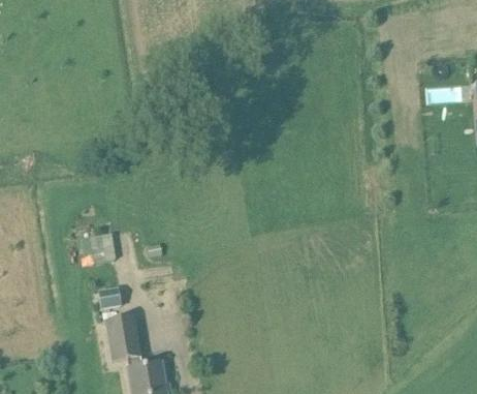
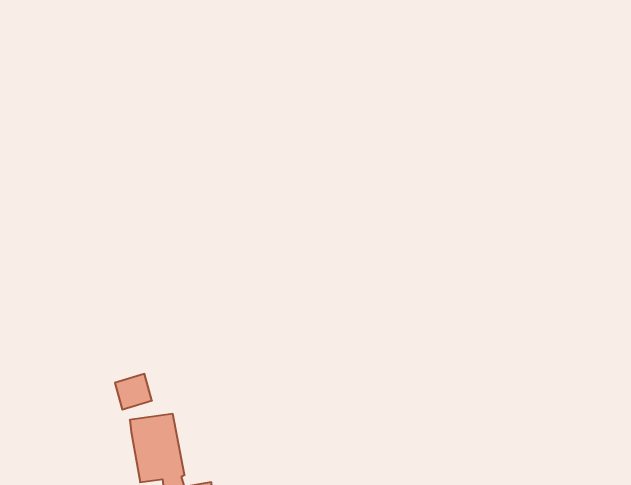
building: [89,233,116,262] -> none

